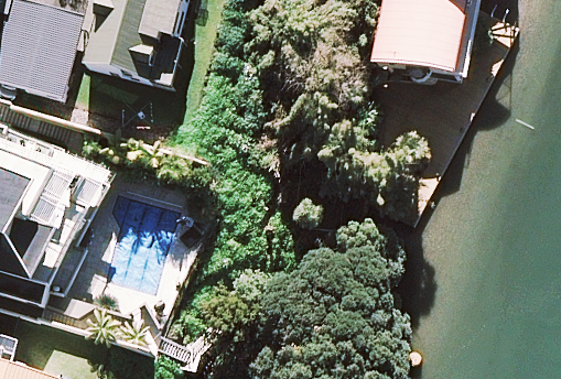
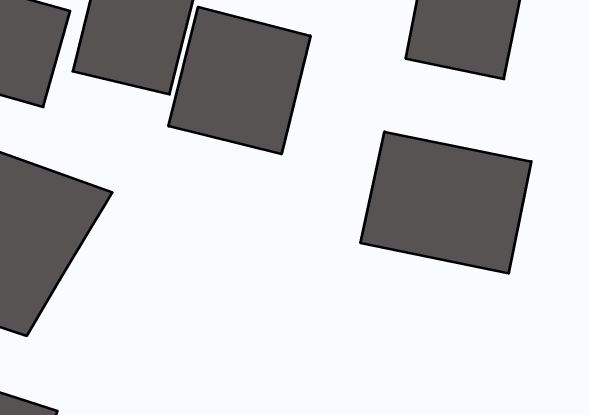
building: none -> [169,7,310,154]
building: none -> [361,132,531,273]

